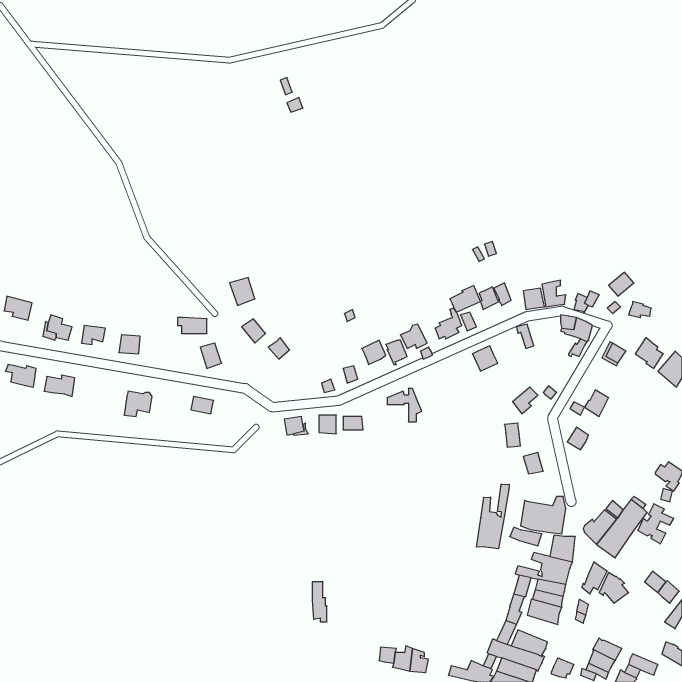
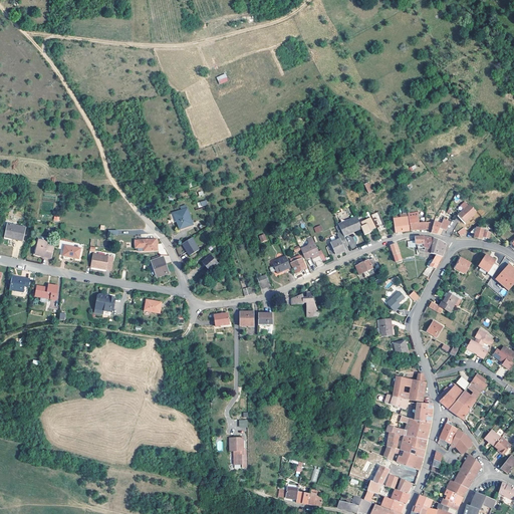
building: [477,484,509,549] -> none
building: [638,504,674,544] -> [467,329,494,359]
building: none -> [455,455,481,488]

